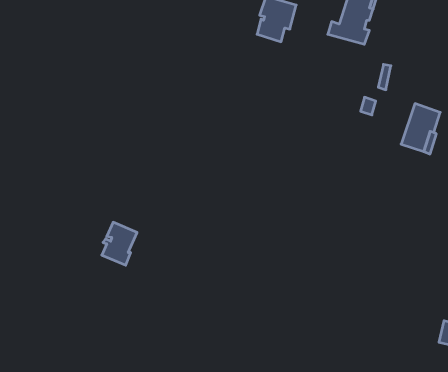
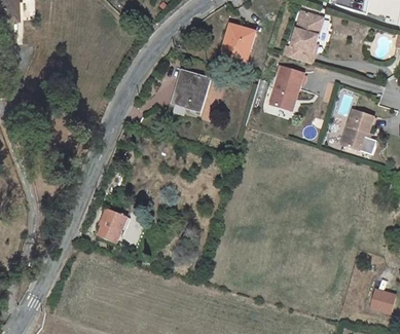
building: none -> [268,66,302,109]
building: none -> [173,70,210,113]

